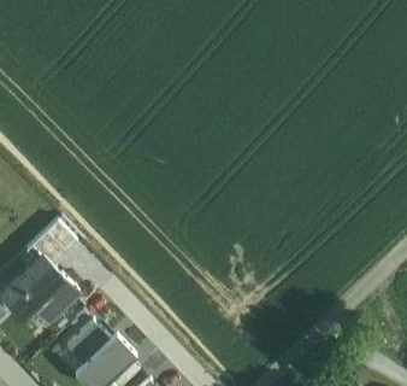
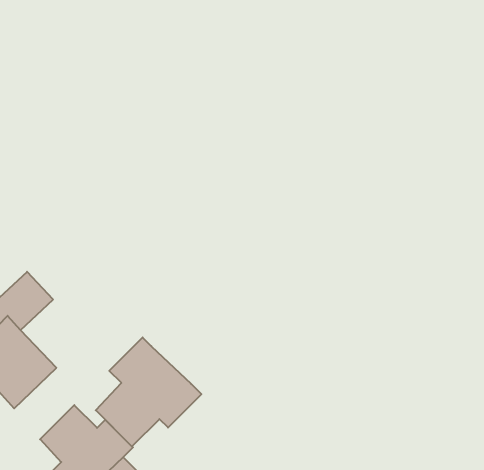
building: none -> [96,337,201,447]

